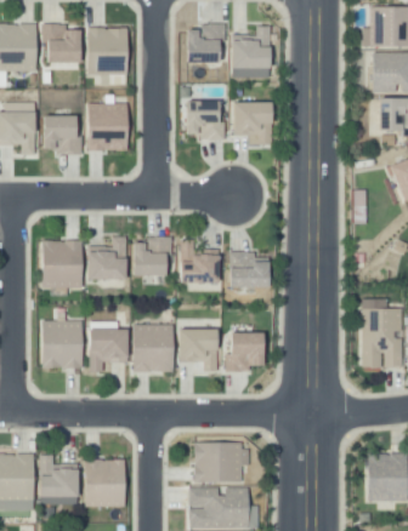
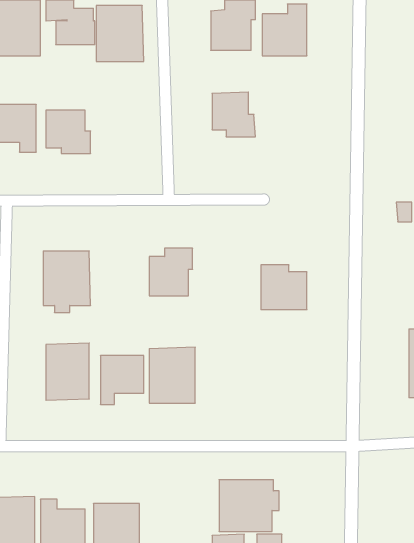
building: [236,102,274,144] -> none
building: [90,103,130,153] -> none
building: [87,235,127,285] -> none
building: [181,239,221,286] -> none
building: [181,331,221,372] -> none
building: [226,335,266,372] -> none

